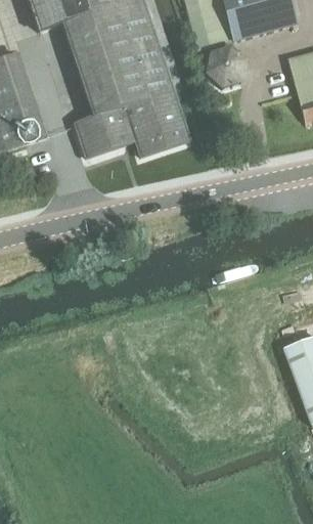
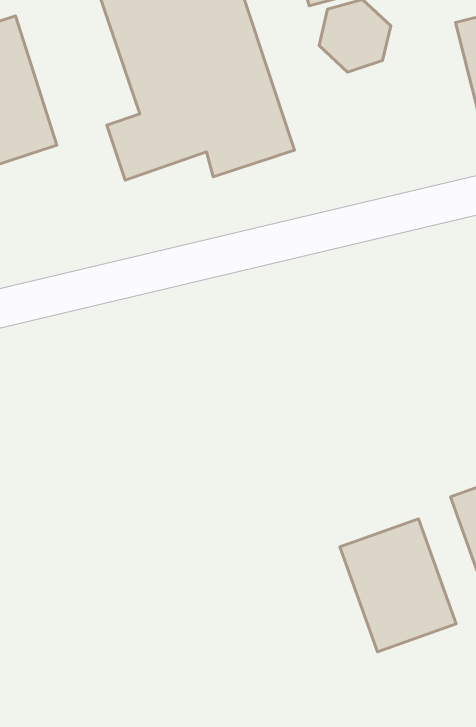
building: none -> [340,519,456,652]

